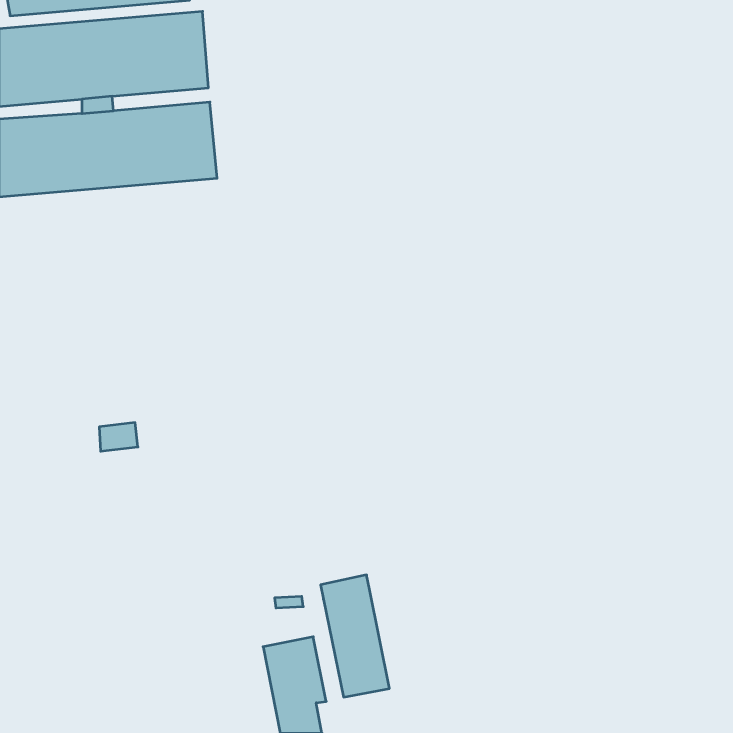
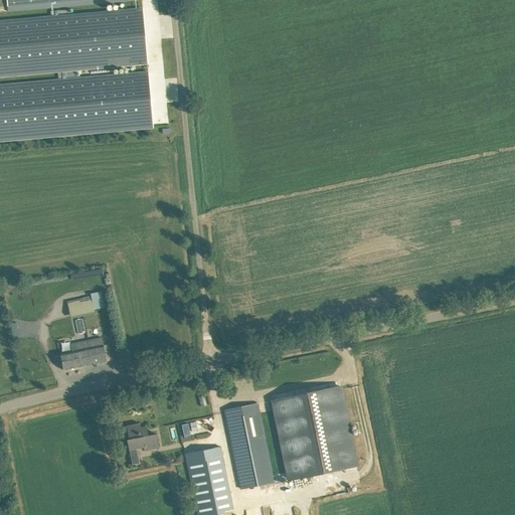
building: none -> [59,336,114,369]
building: none -> [272,385,356,479]
building: none -> [126,422,158,450]

